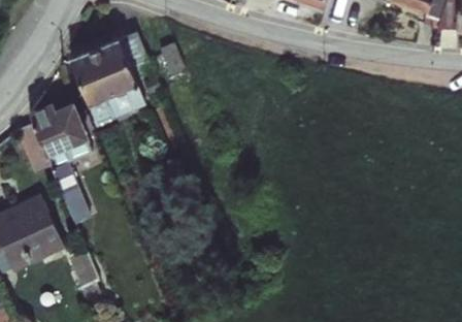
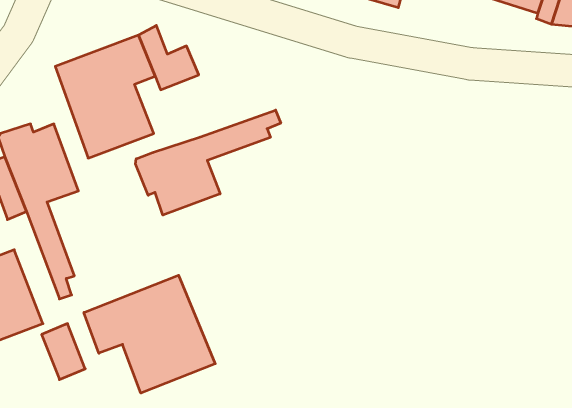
building: none -> [135,110,281,215]
building: none -> [84,275,215,393]

